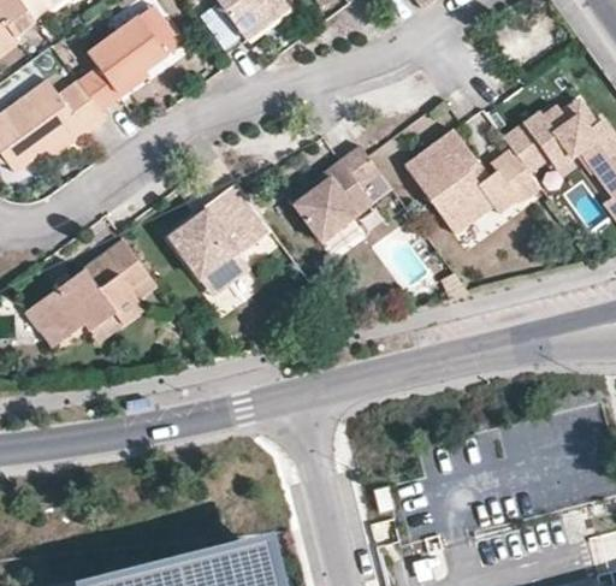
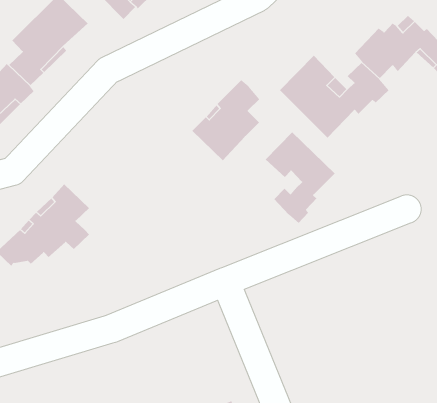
building: [167,183,272,292] -> none
building: none -> [265,132,336,224]

